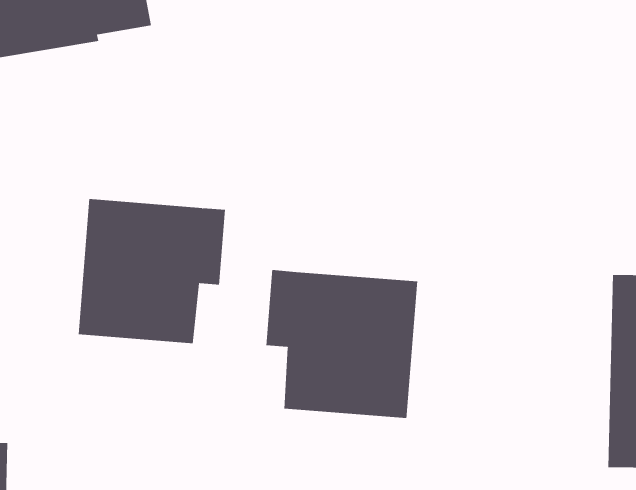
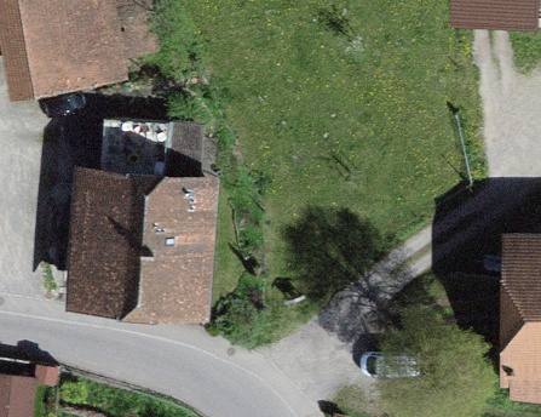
building: none -> [100,120,195,192]
building: [266,269,418,419] -> none

